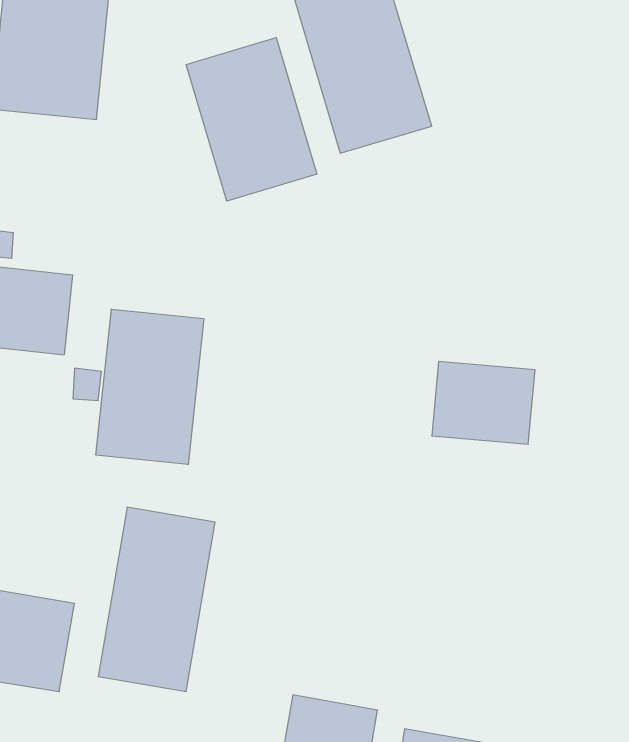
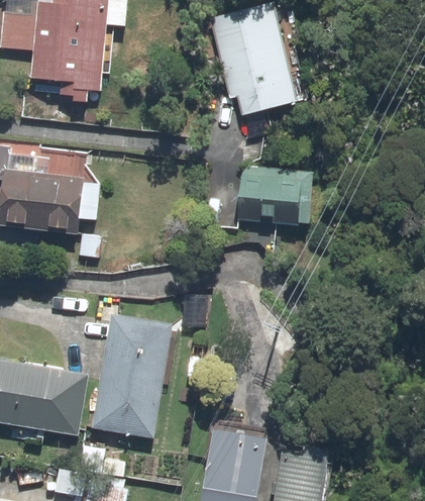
building: [186,38,317,201] -> none
building: [96,309,204,465] -> none
building: [432,361,535,444] -> [238,175,300,224]

